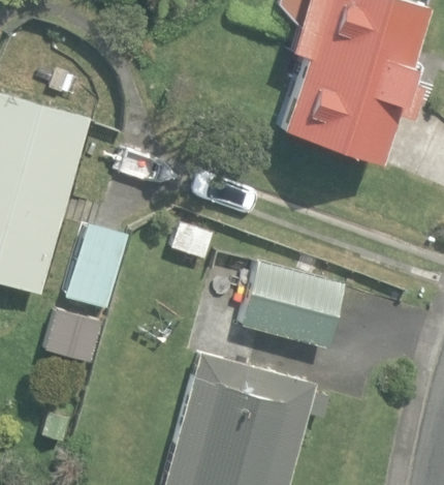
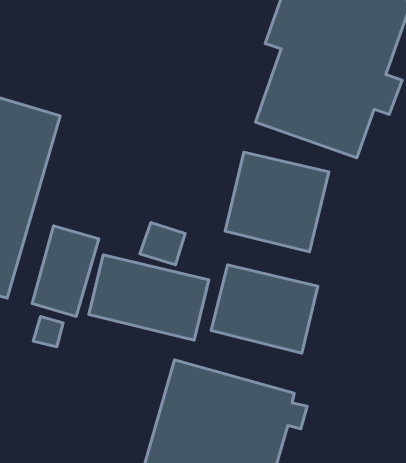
building: none -> [225,152,329,252]
building: none -> [89,255,209,340]

